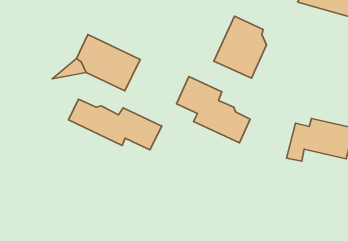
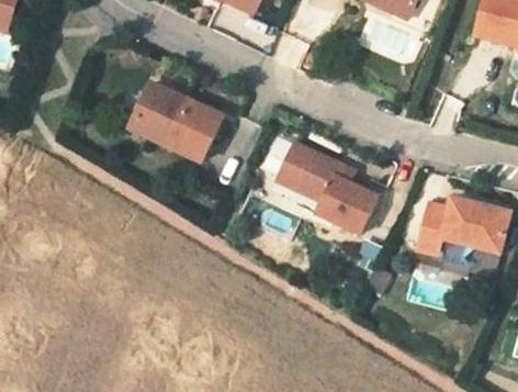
building: [214,16,267,78] -> none
building: [69,99,162,150] -> none

